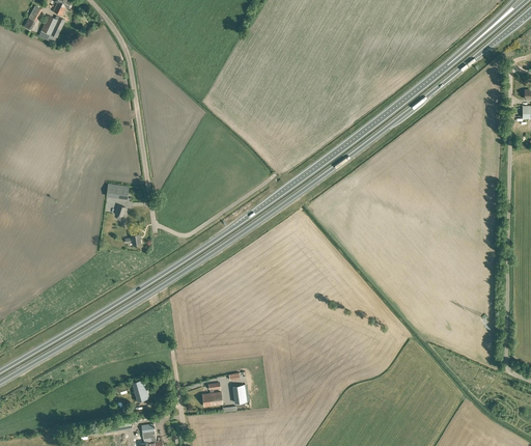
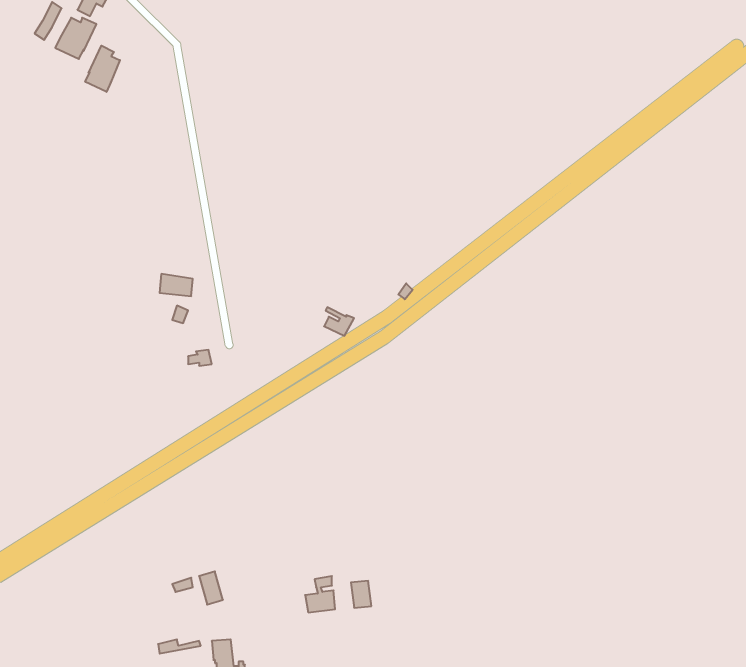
building: none -> [85,46,120,92]

